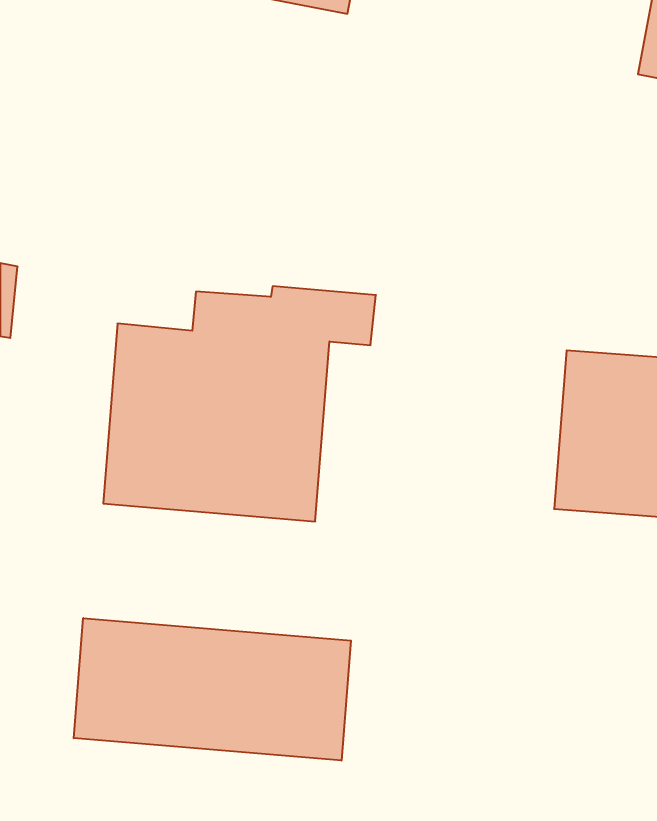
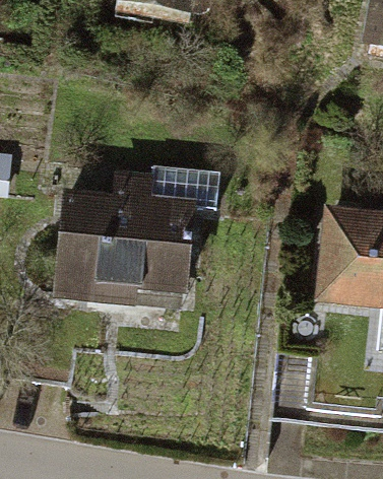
building: [74,618,351,761] -> none

